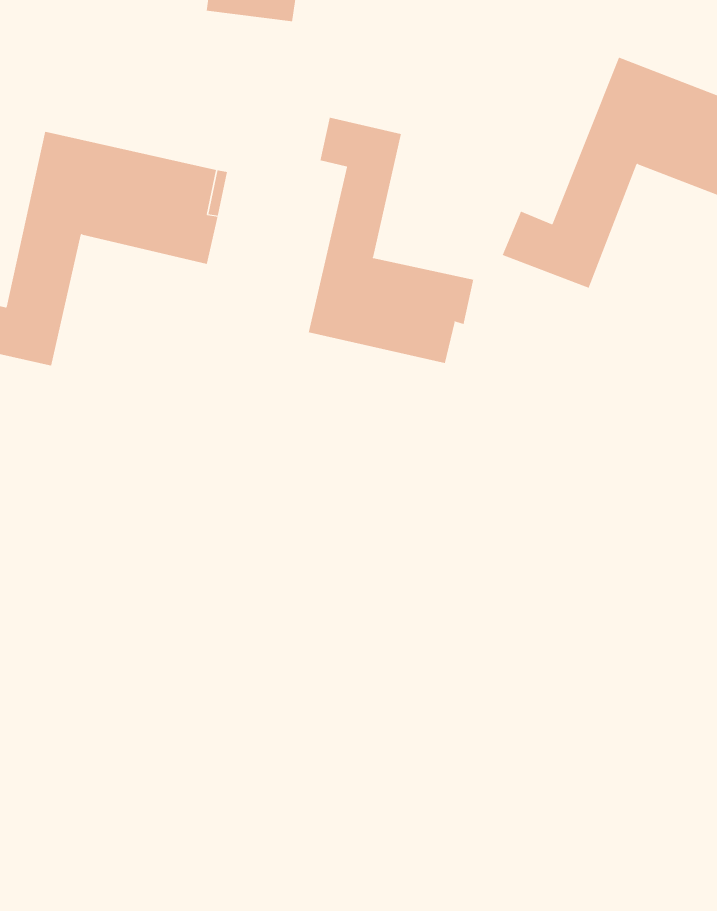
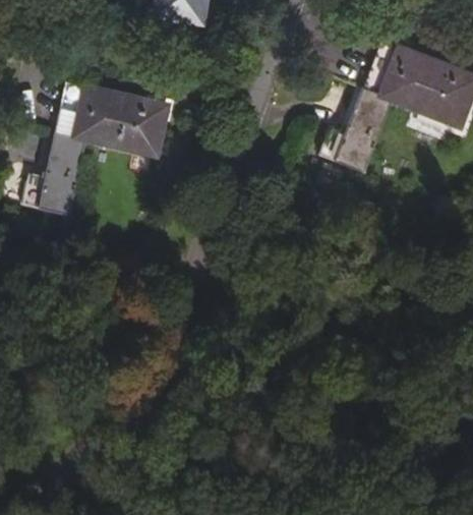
building: [308,117,474,364] -> none

